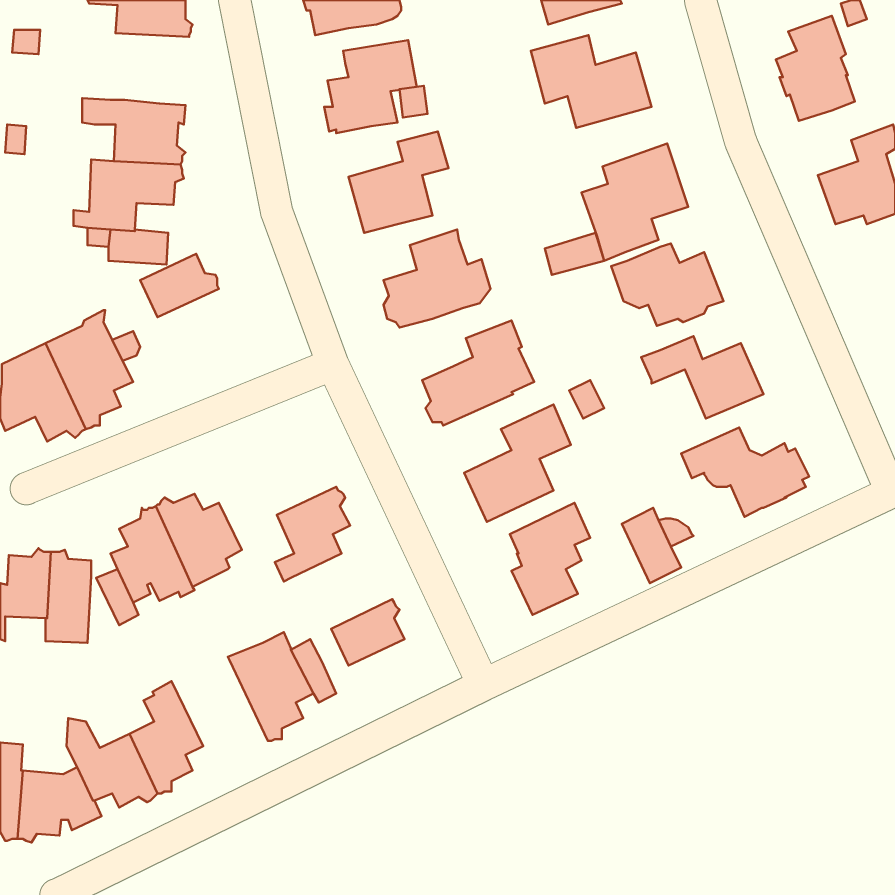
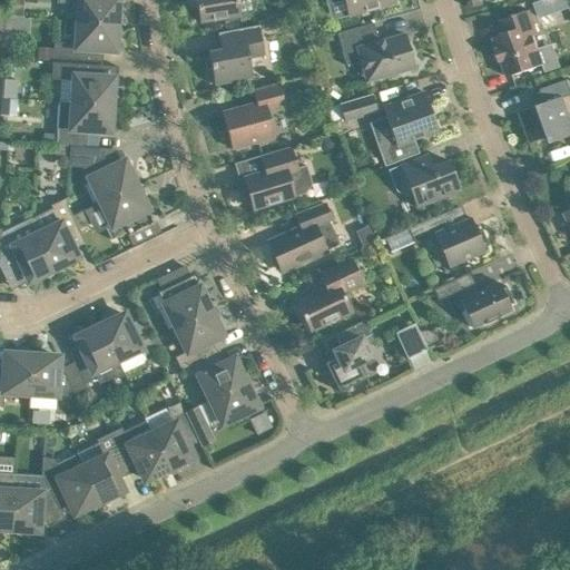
building: none -> [52,21,122,61]
building: [545,233,604,275] -> [340,94,377,120]
building: none -> [100,184,155,245]
building: none -> [156,265,214,327]
building: none -> [185,352,249,400]
building: none -> [109,420,170,480]

